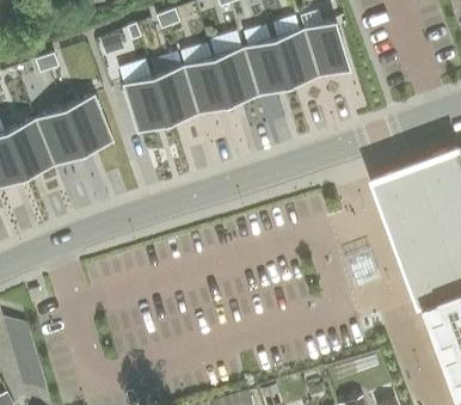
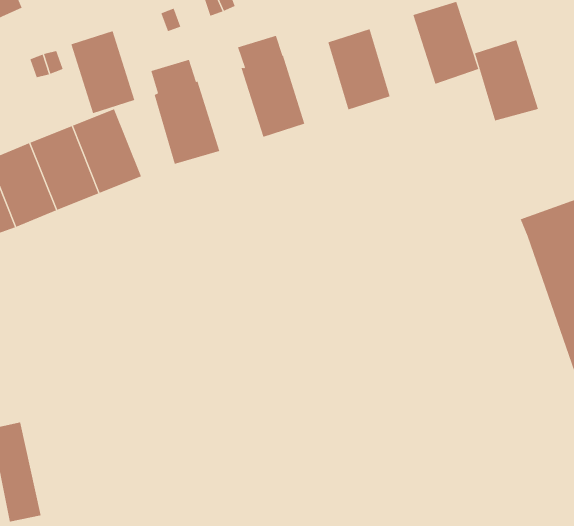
building: [272,29,318,86] -> [474,39,539,121]
building: [211,48,257,105] -> none
building: [152,66,197,124] -> [70,30,135,114]

